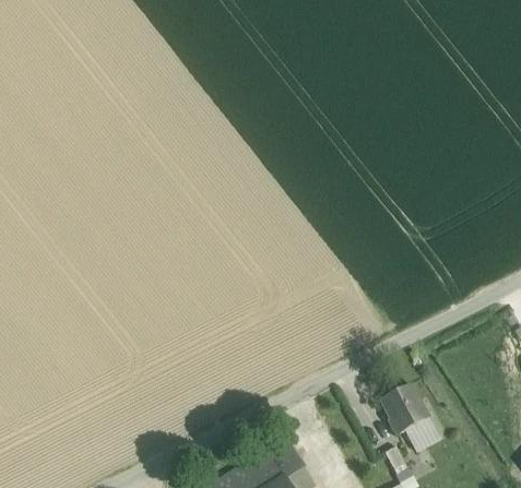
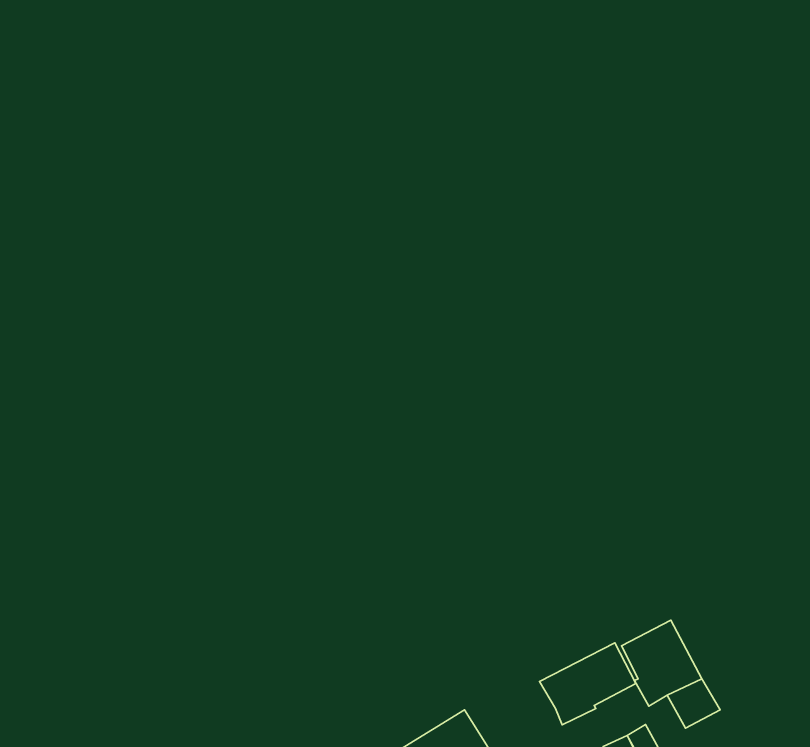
building: none -> [539,643,636,725]

